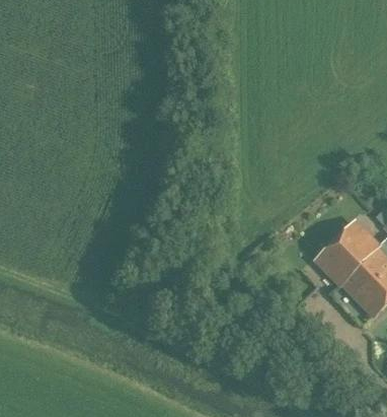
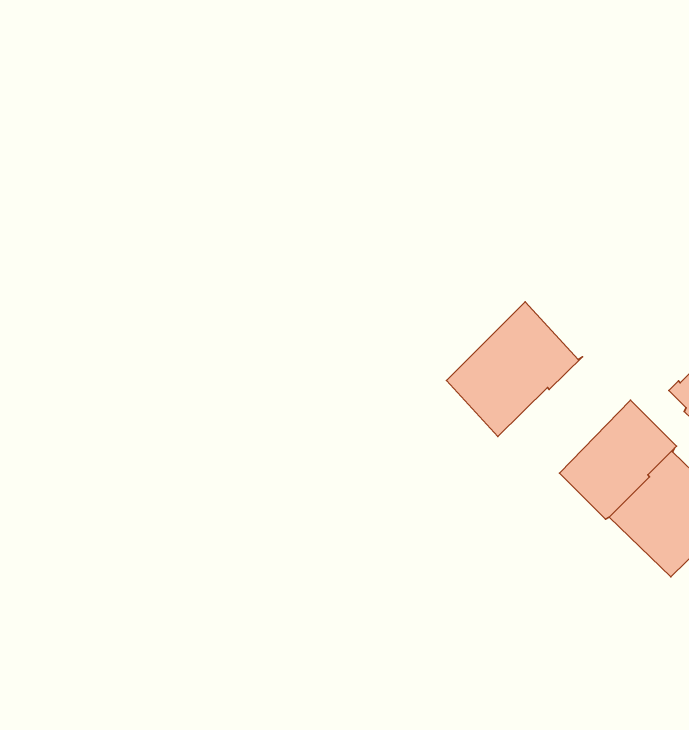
building: none -> [446,302,583,436]

